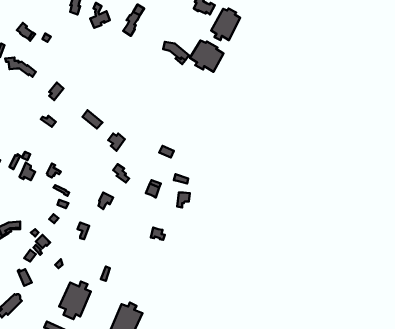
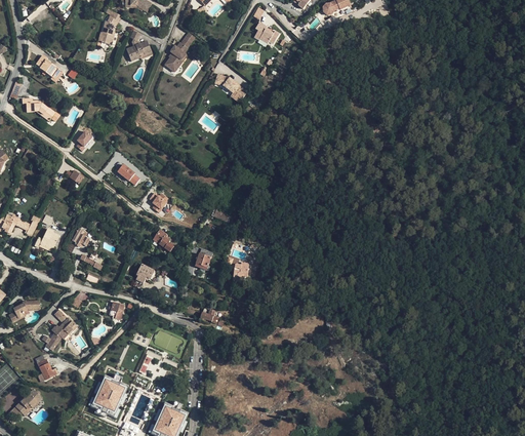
building: [211,8,240,40] -> none
building: [190,40,224,72] -> none

